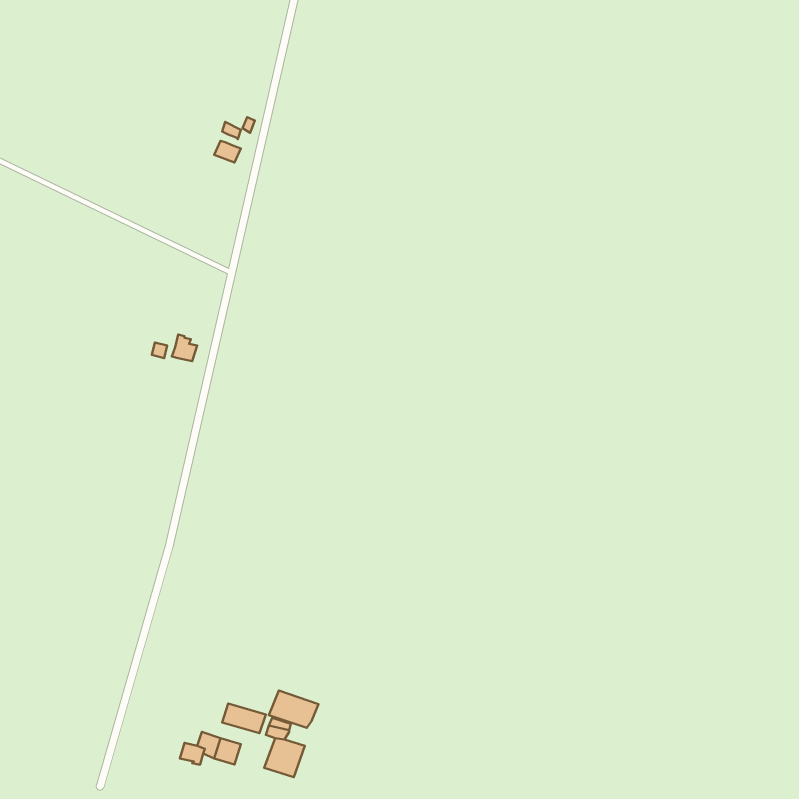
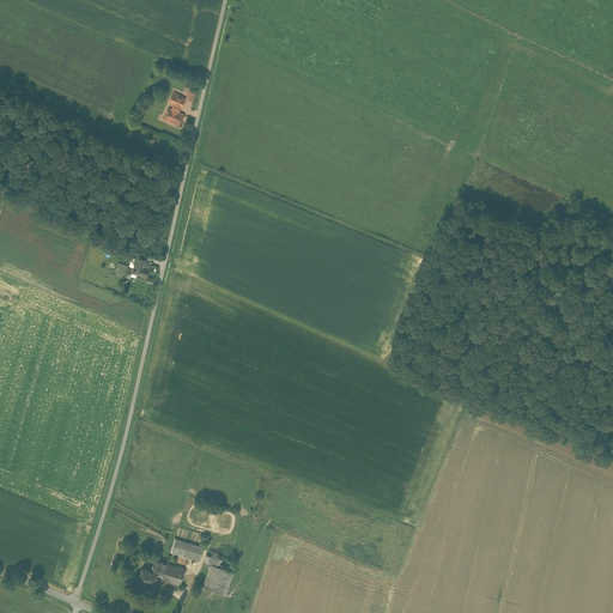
building: [269,690,318,728] -> none

